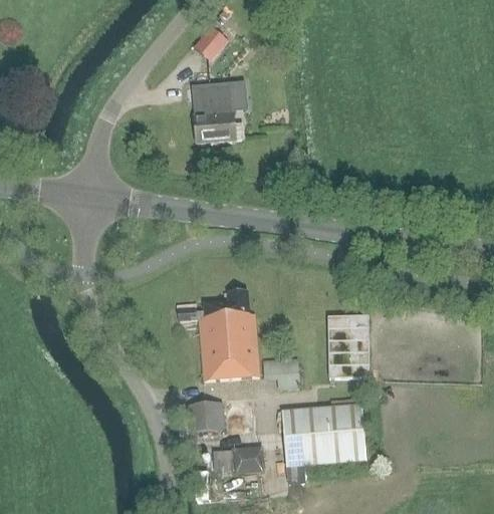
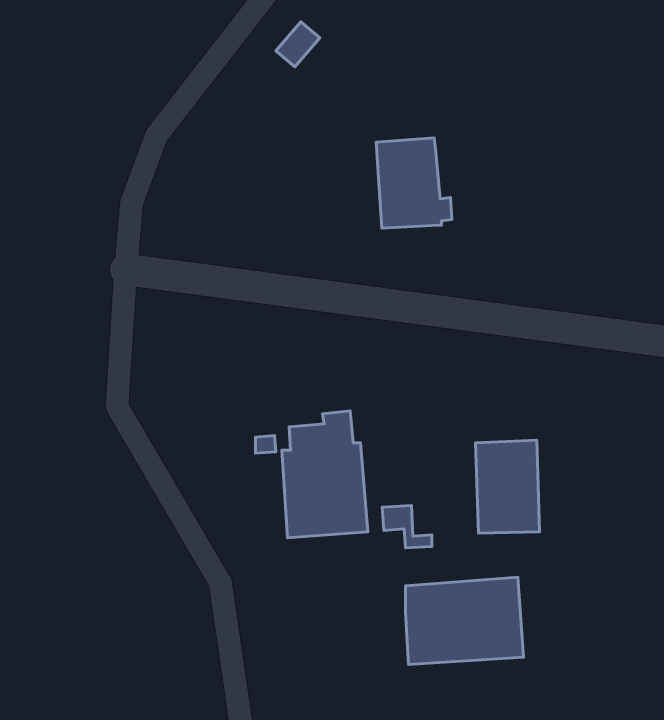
building: [192,81,244,144] -> [376,138,452,228]
building: [187,403,223,432] -> none
building: [218,445,268,492] -> none

